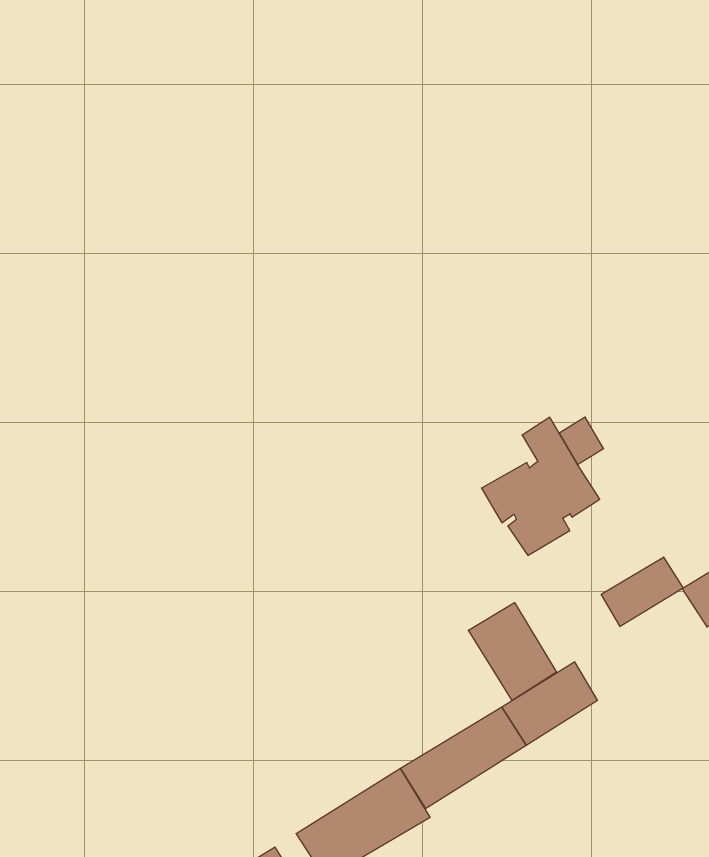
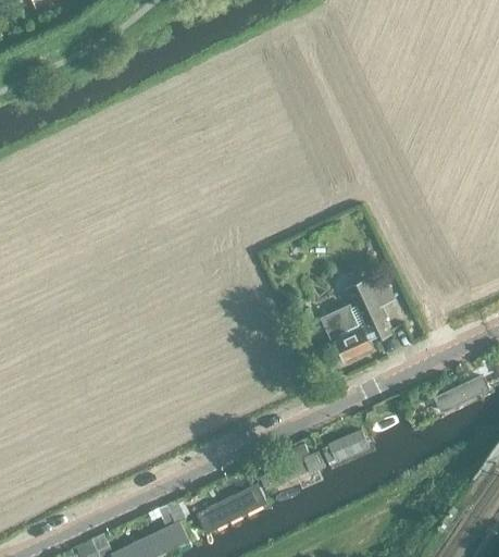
building: [601,557,683,627] -> none
building: [468,603,557,701] -> none

